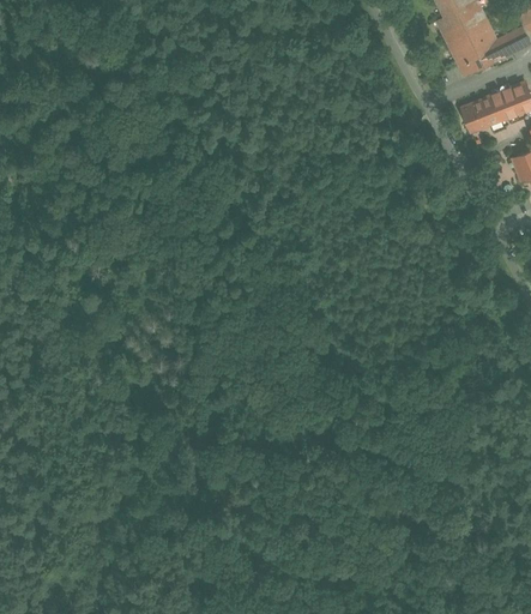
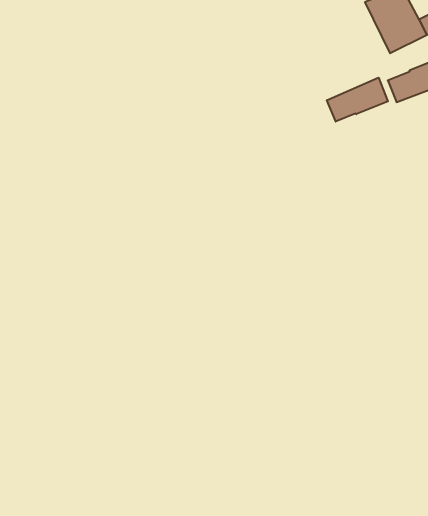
building: none -> [327,78,388,122]

